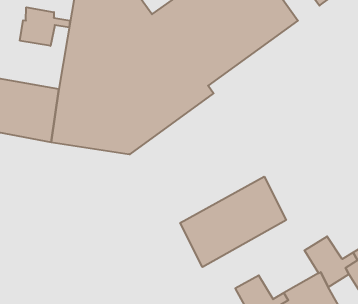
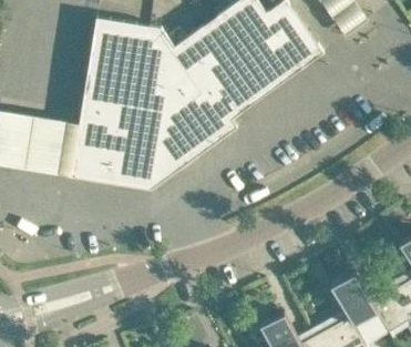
building: [20,7,70,46] -> none
building: [180,177,286,267] -> none

